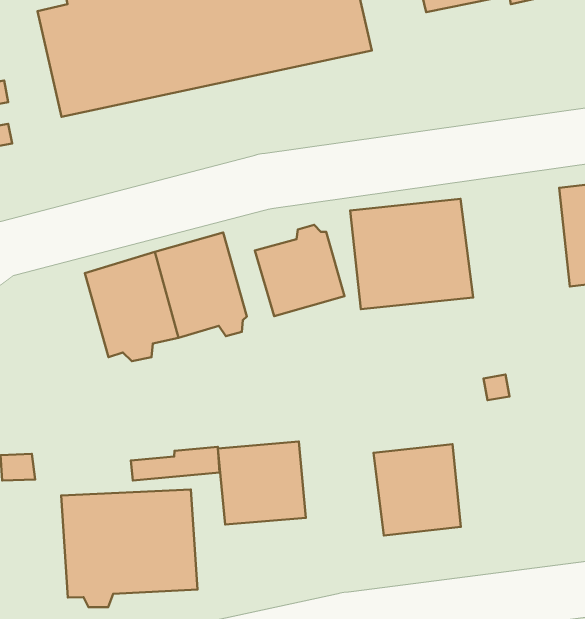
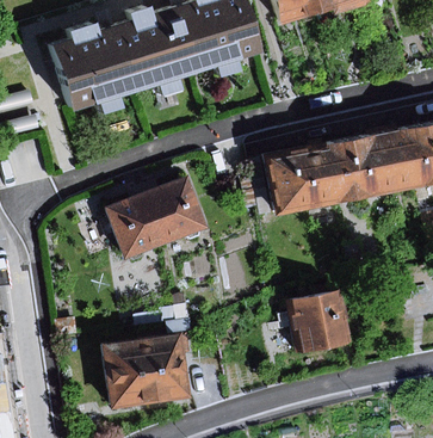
building: none -> [322,128,394,199]
building: [255,225,344,316] -> none
building: [218,442,306,525] -> none

